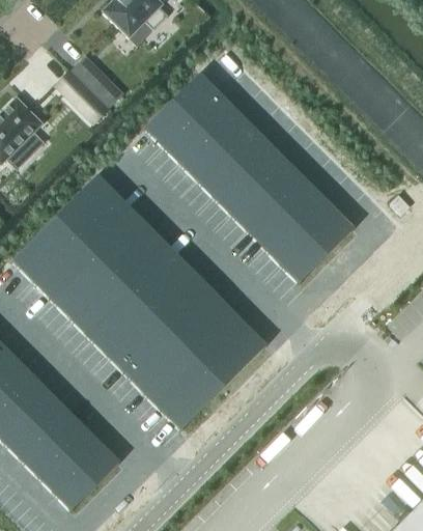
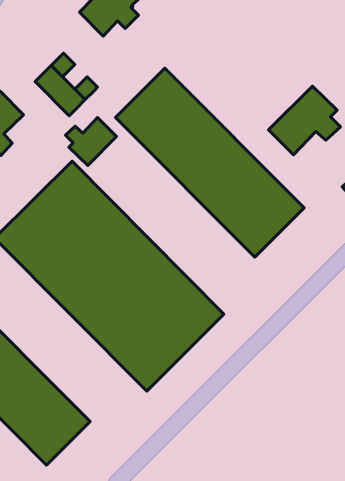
building: none -> [269,86,340,155]
building: none -> [66,118,117,165]

